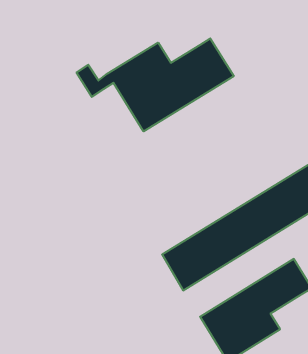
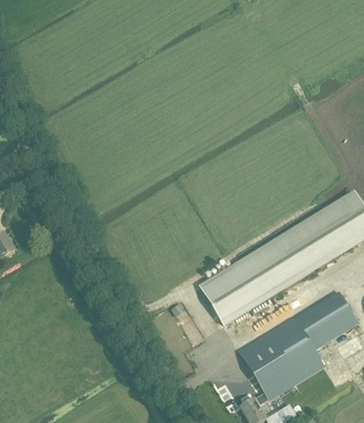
building: [77,38,234,131] -> none

